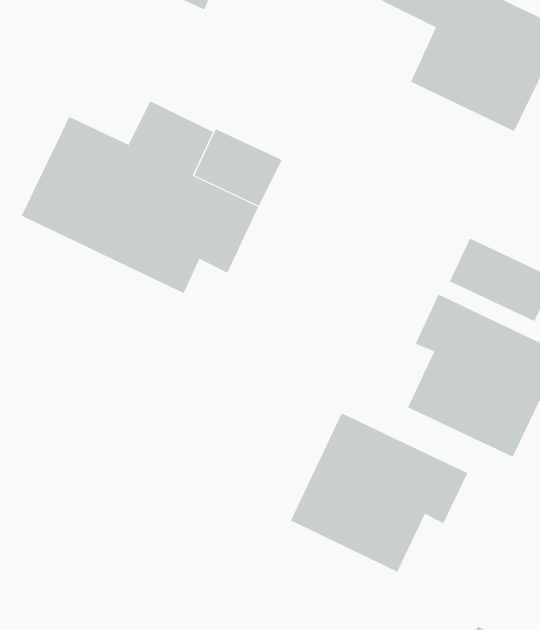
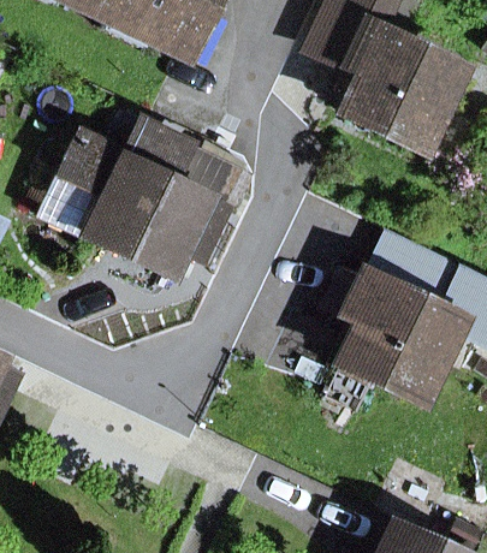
building: [290,413,468,572] -> none

